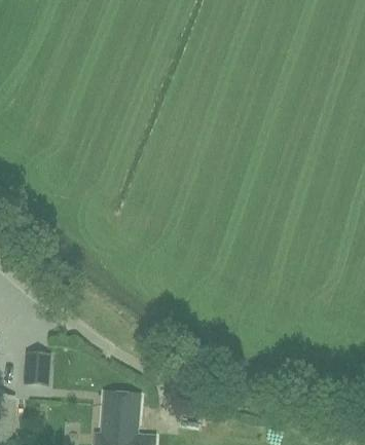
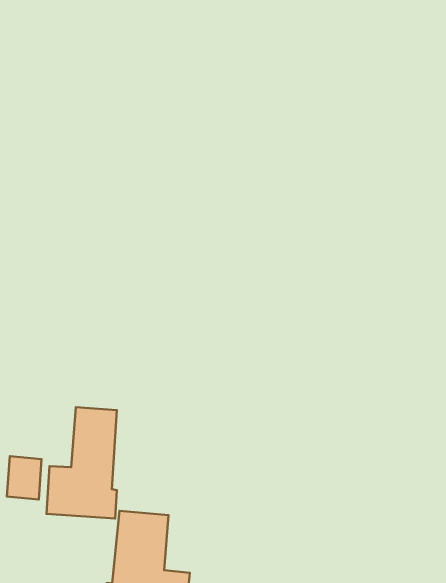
building: none -> [47,407,117,519]

